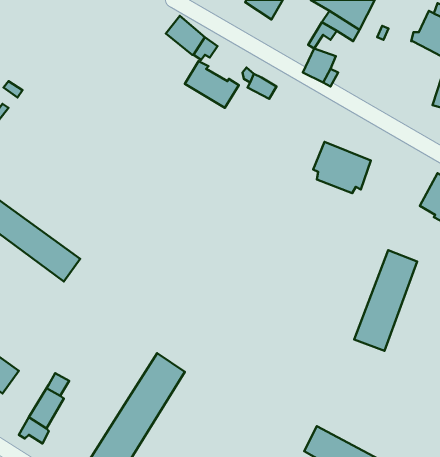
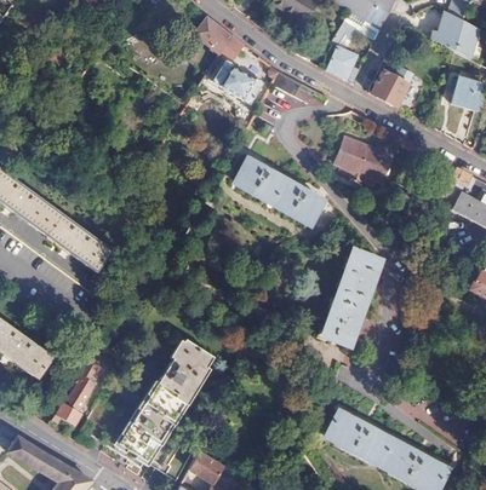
building: none -> [370,60,410,108]
building: none -> [234,158,322,224]
building: [354,250,417,351] -> [320,250,381,347]

